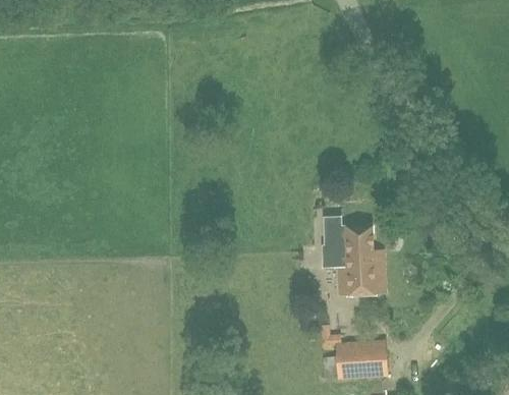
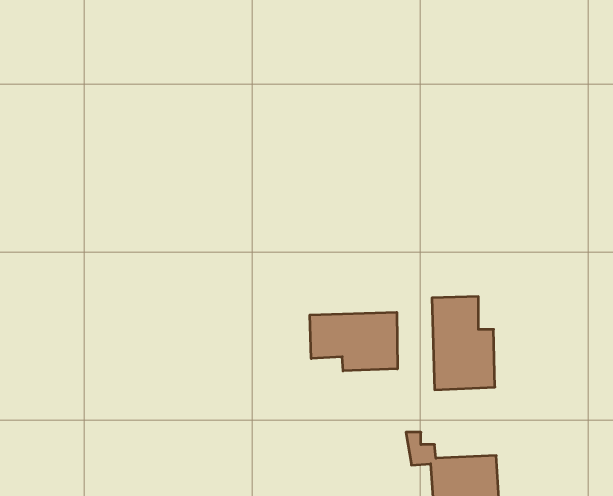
building: none -> [310,312,397,371]

